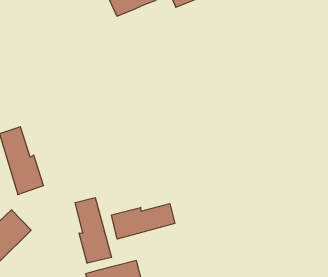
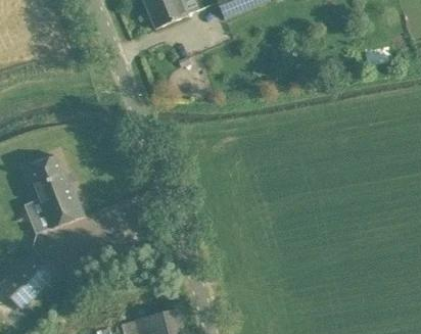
building: [75,198,112,263] -> none
building: [112,204,175,239] -> none

